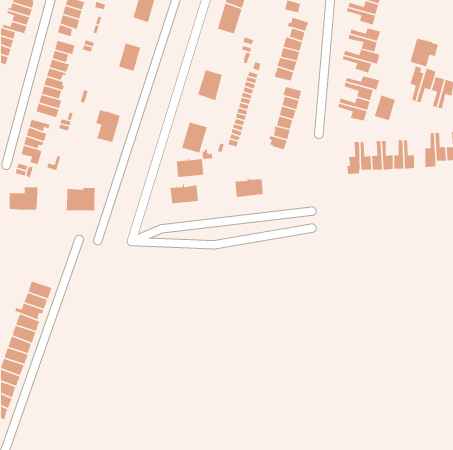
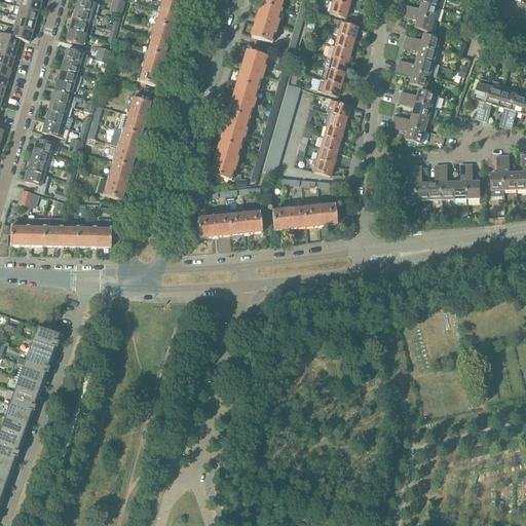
building: none -> [146,21,173,54]
building: [409,38,439,68] -> none
building: none -> [238,49,268,86]
building: none -> [122,97,150,134]
building: [374,95,396,121] -> none
building: none -> [220,110,251,147]
building: none -> [103,160,132,197]
building: [176,157,204,178] -> [229,210,262,233]
building: none -> [304,202,338,225]
building: none -> [44,216,78,245]

